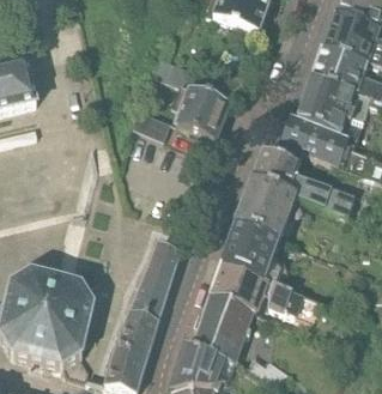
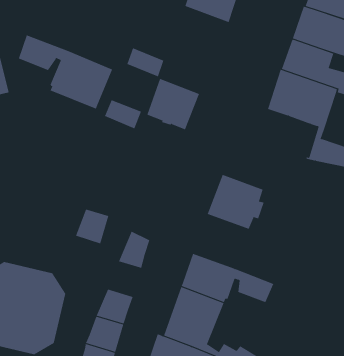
building: none -> [18,34,113,110]
building: [279,111,348,163] -> none
building: [251,148,354,212] -> none
building: [222,220,279,275] -> none
building: [135,268,170,304] -> [75,209,109,244]

